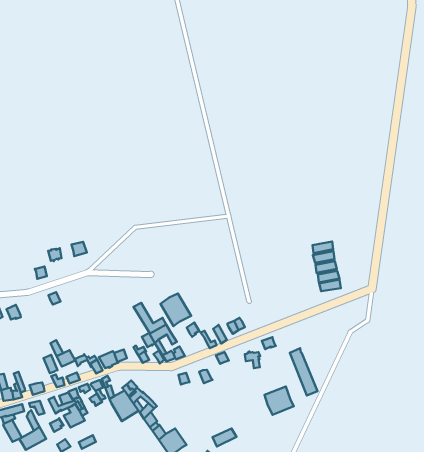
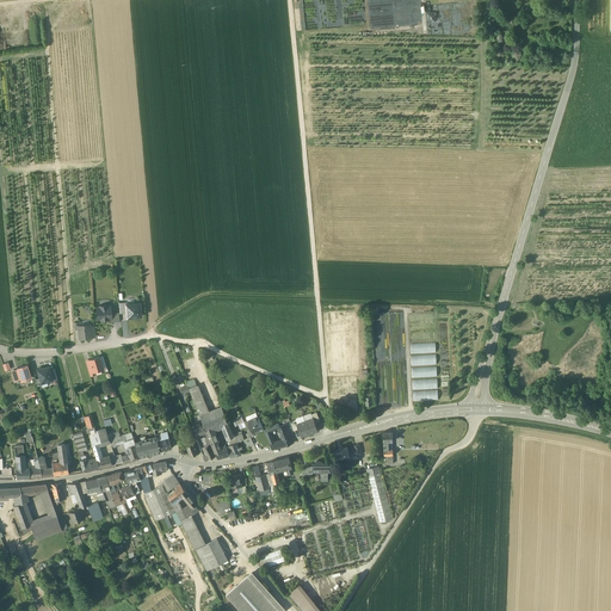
building: [160,294,191,326] -> none
building: [265,386,294,415] -> none

